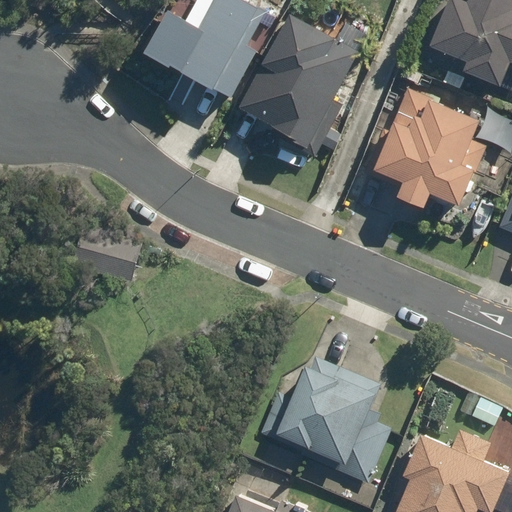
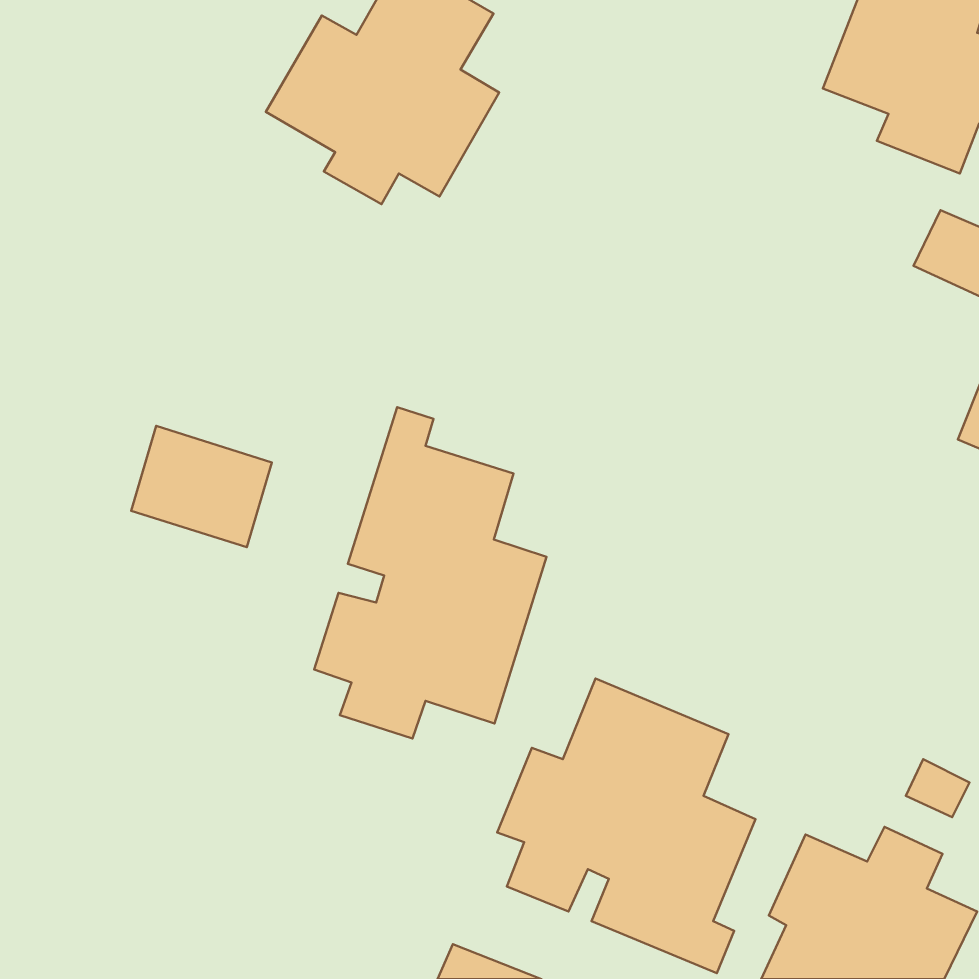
building: [237,13,362,150] -> none
building: [367,87,481,213] -> none
building: none -> [314,407,547,739]

